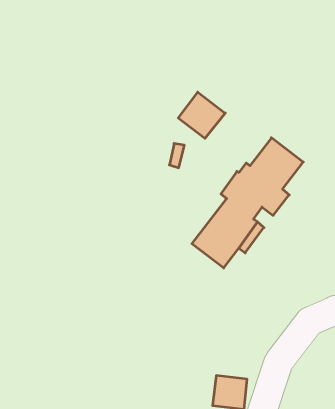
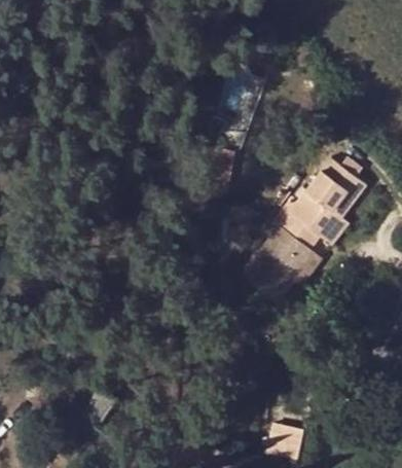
building: [178,92,225,138] -> none

